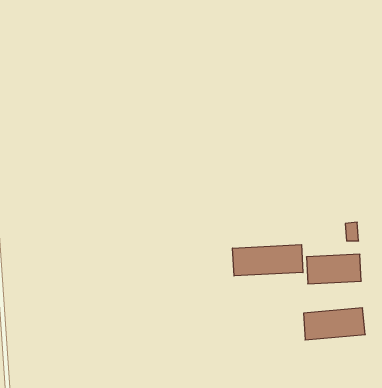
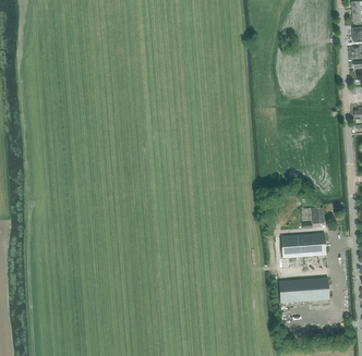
building: [233,245,303,276] -> none

